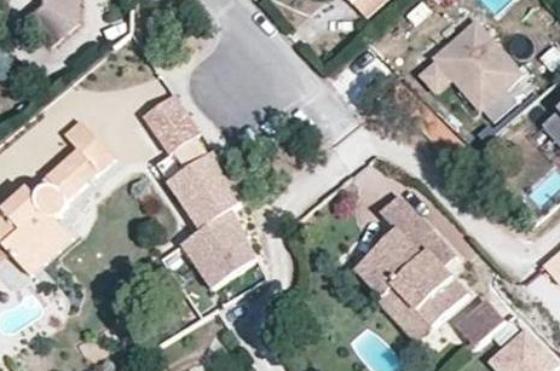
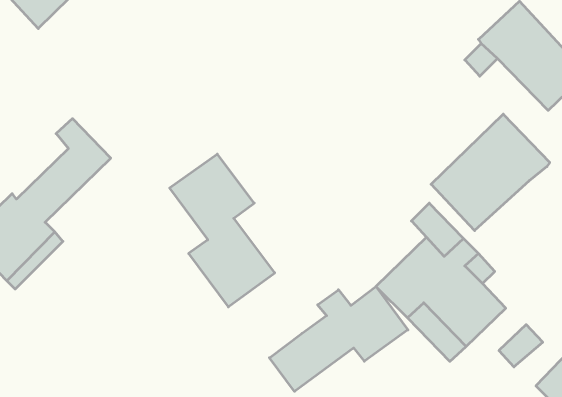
building: [143,102,196,158] -> none
building: none -> [431,114,550,231]
building: none -> [269,286,408,391]

